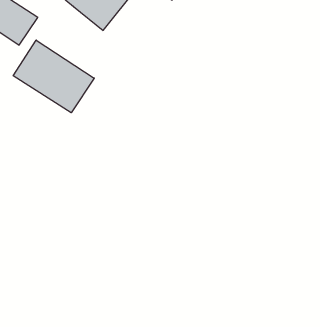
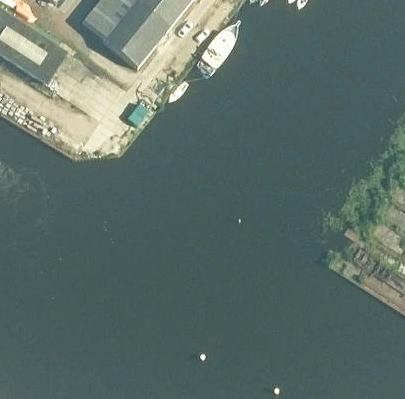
building: [13,40,94,113] -> none

